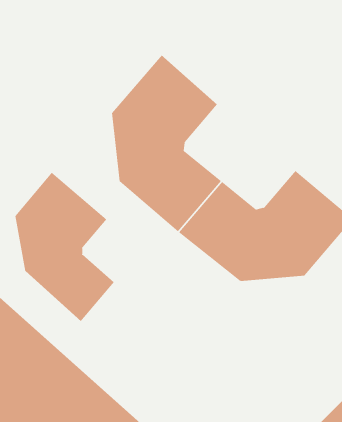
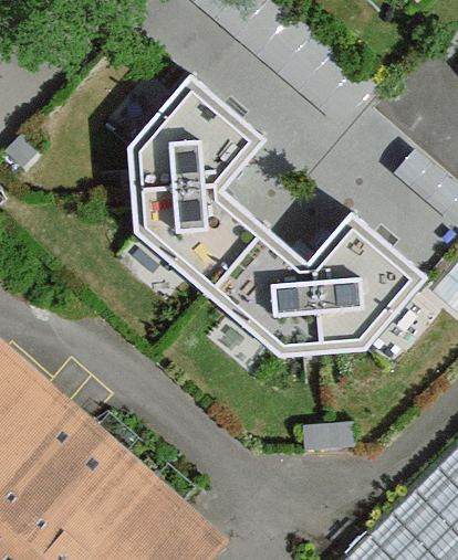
building: [15,172,114,322] -> none

